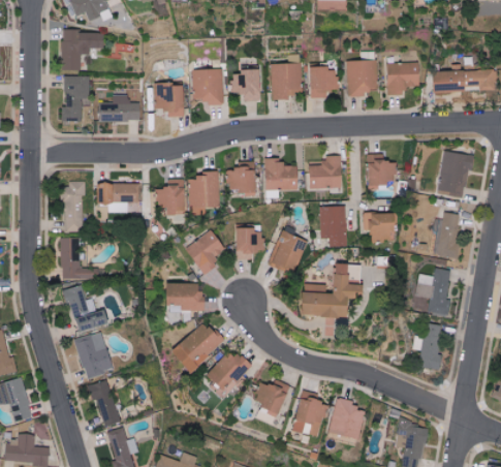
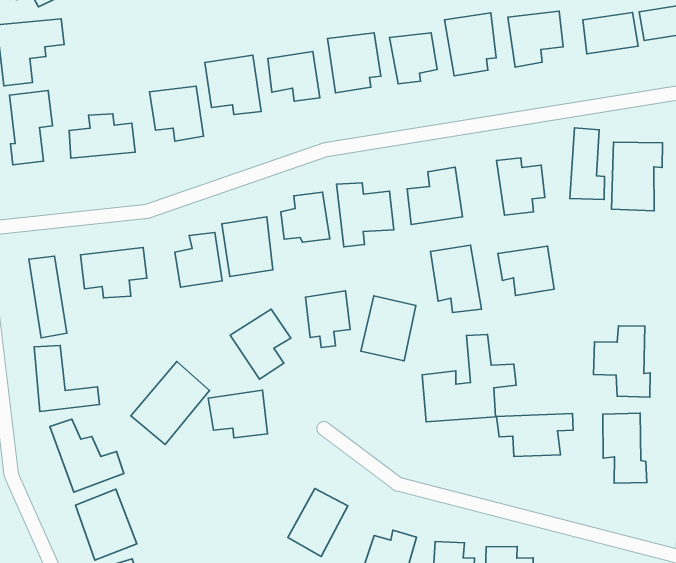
building: [435,211,459,258] -> [570,128,605,199]
building: none -> [496,414,573,457]
building: [171,320,223,372] -> [131,362,209,445]

